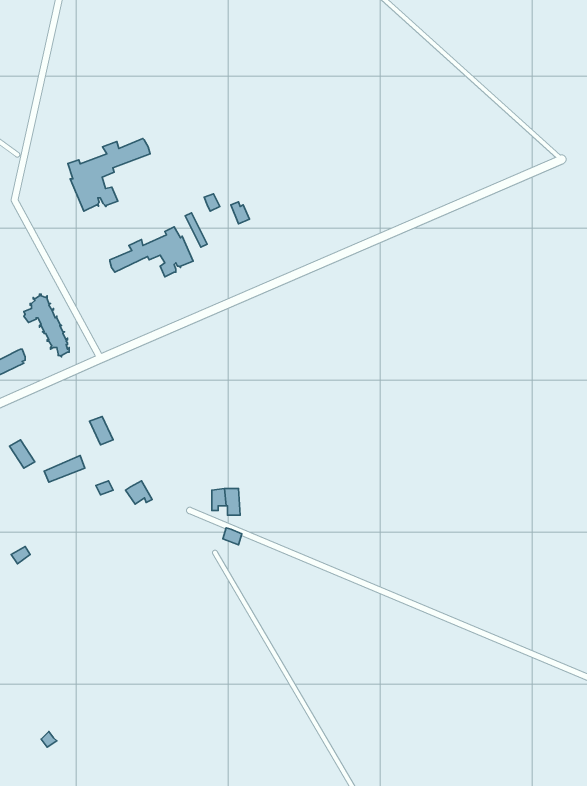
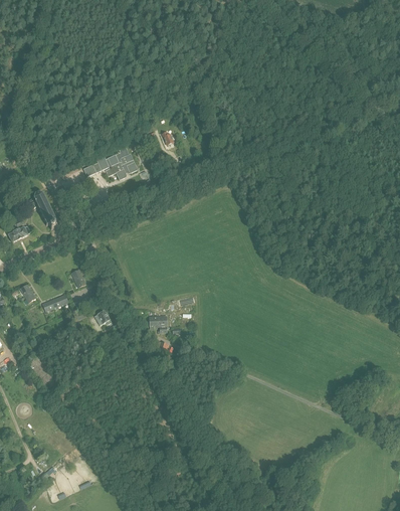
building: [68,138,150,211] -> none

